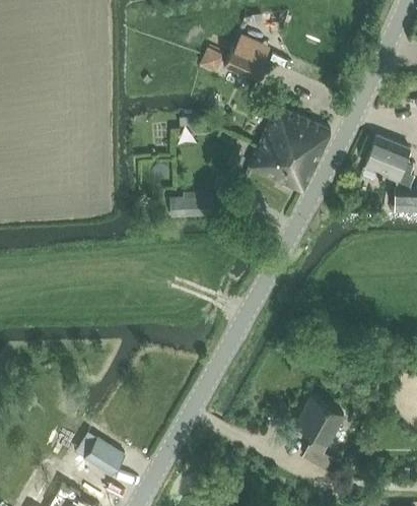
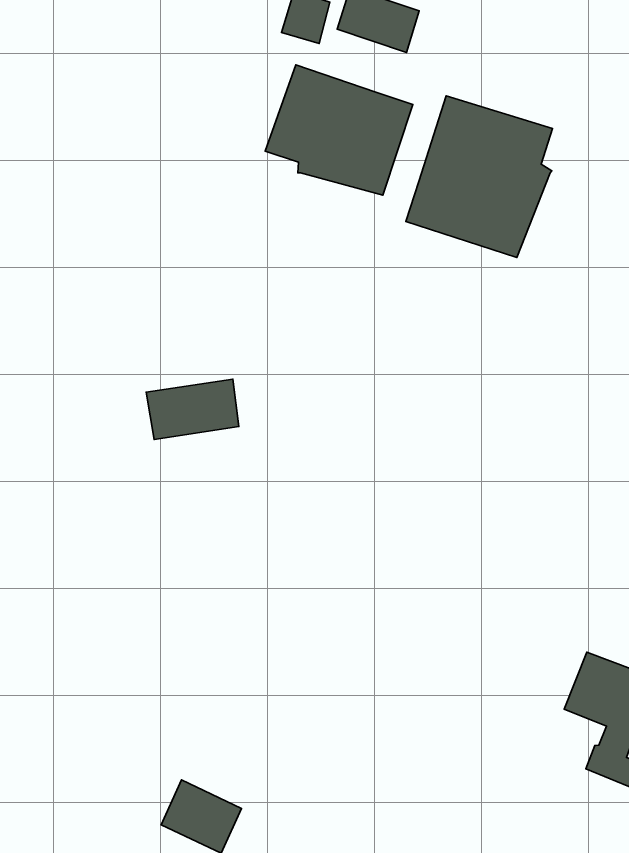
building: none -> [265,65,413,195]
building: [169,192,214,217] -> [146,379,239,439]

